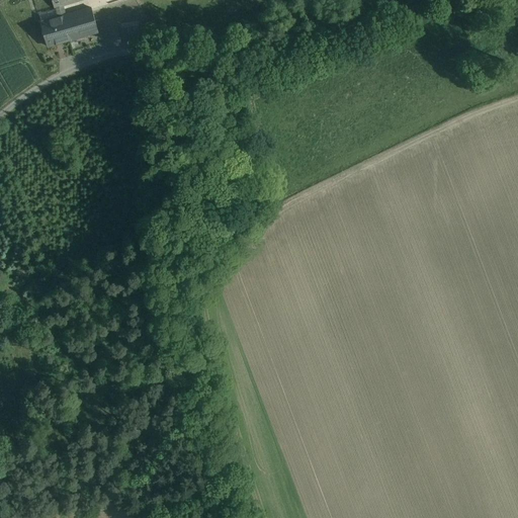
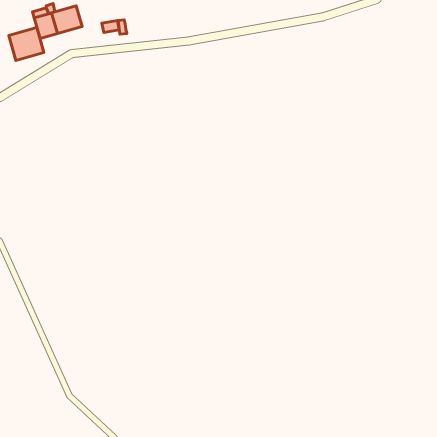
building: none -> [9,27,44,61]

